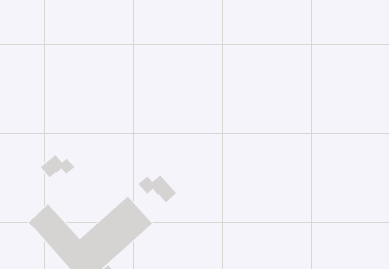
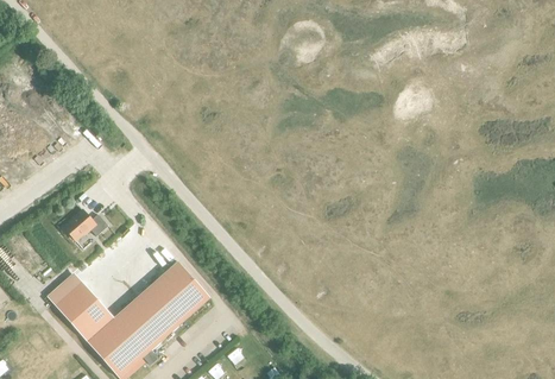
building: [137,174,177,203] -> none

